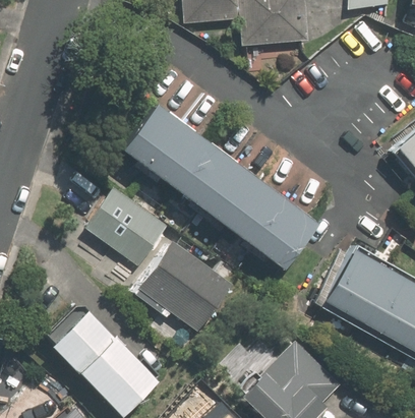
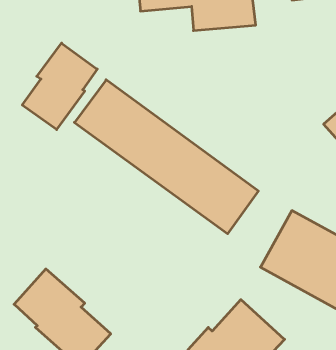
building: none -> [22,43,97,130]
building: [94,192,238,336] -> none

